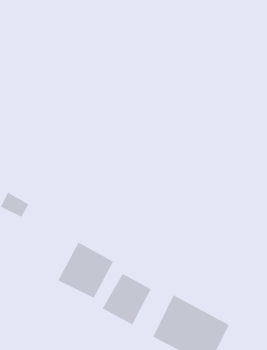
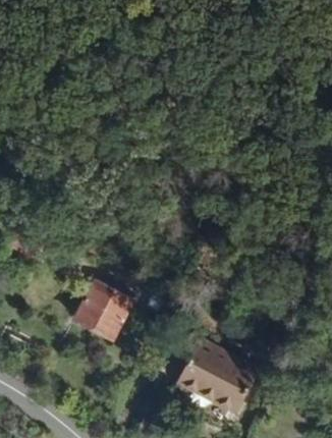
building: [102,273,152,325] -> none

